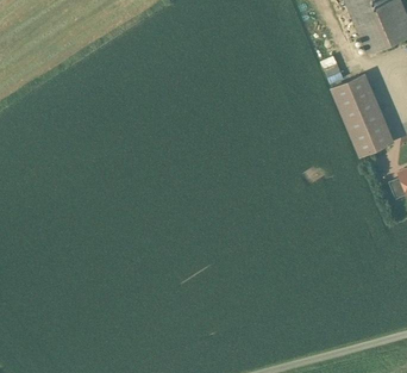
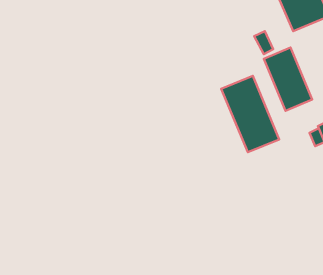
building: none -> [221,76,279,152]

